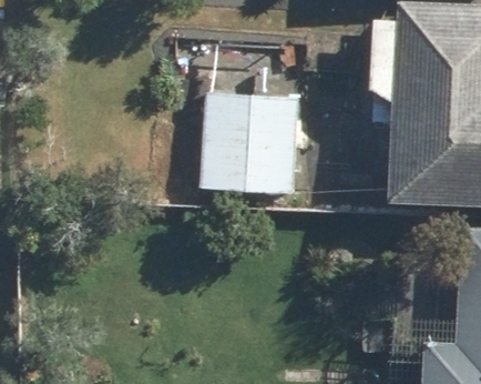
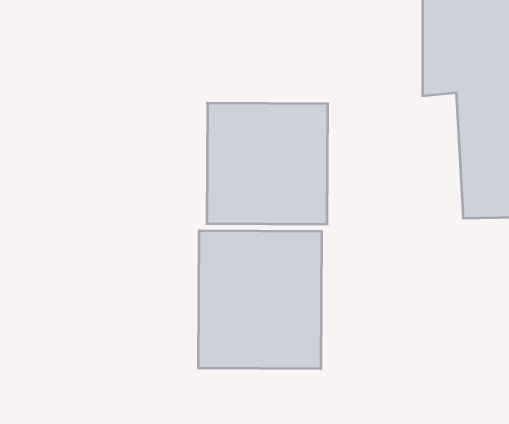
building: none -> [199,231,322,369]

